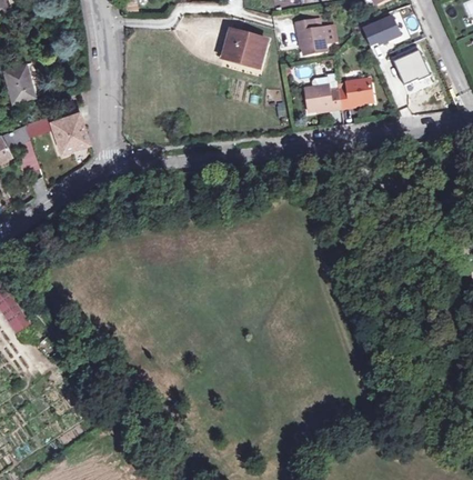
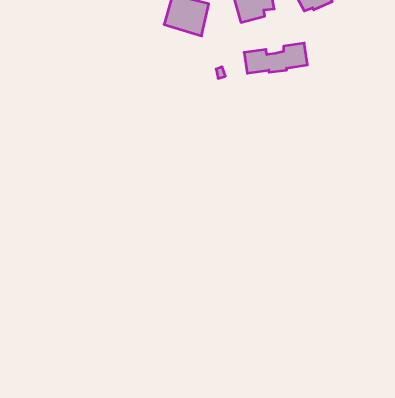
building: [391,46,430,84] -> none
building: [50,112,87,152] -> none

